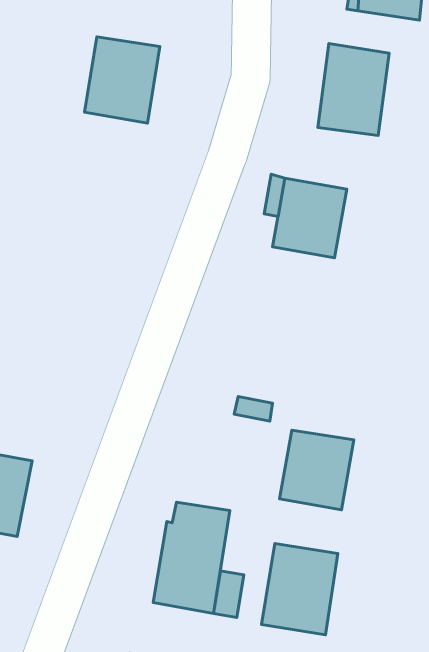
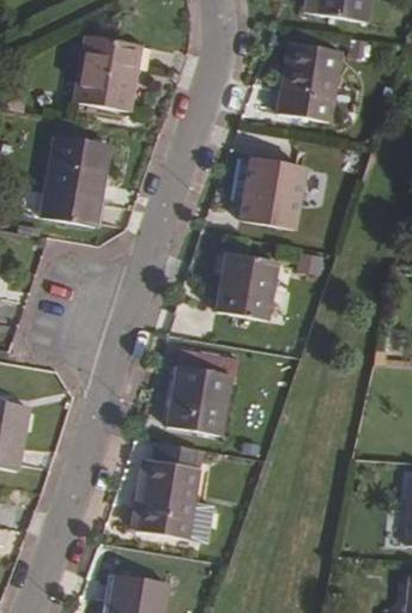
building: none -> [40,133,108,227]
building: none -> [216,253,278,320]
building: [280,430,354,510] -> [166,365,231,435]
building: [261,544,338,635] -> none

